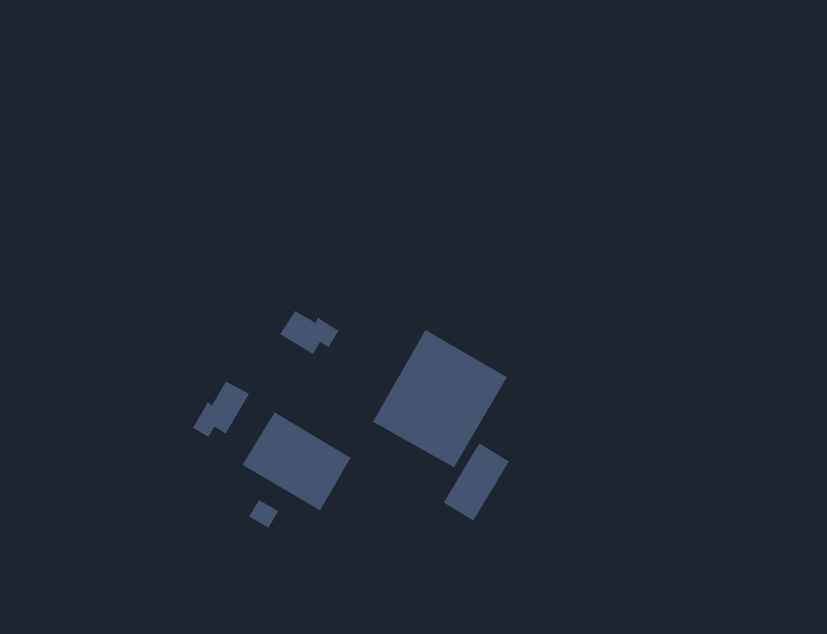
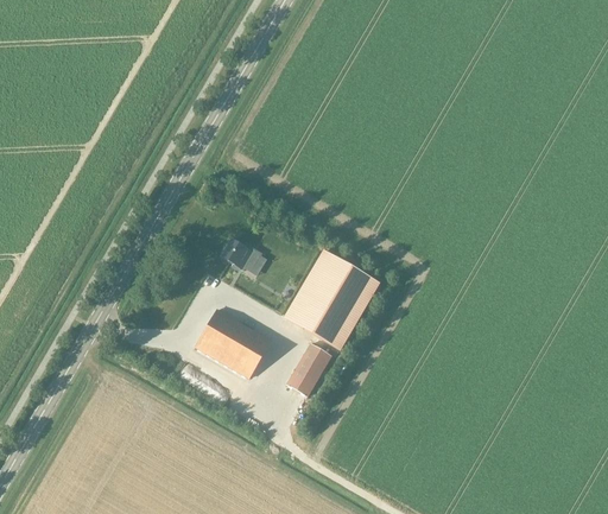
building: [192,381,250,438] -> none
building: [443,442,510,522] -> [286,342,332,396]

